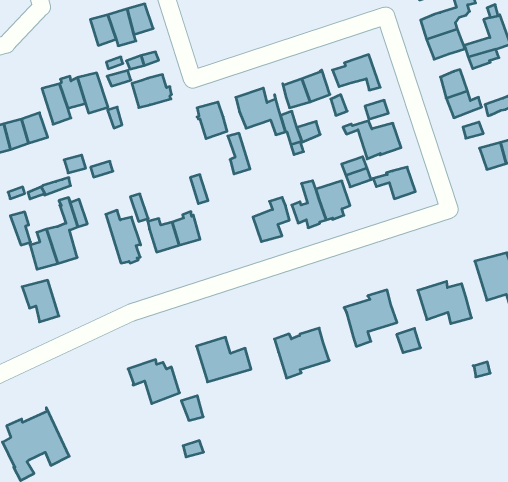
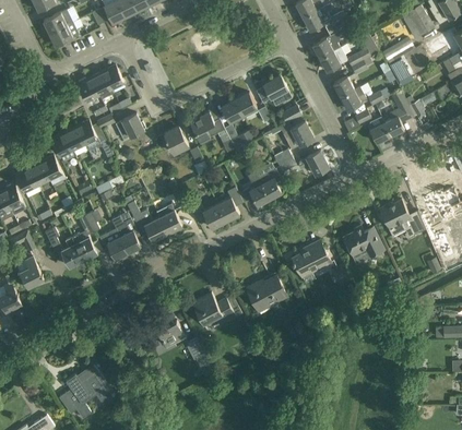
building: none -> [192,204,225,228]
building: [22,280,59,322] -> [98,228,128,259]

